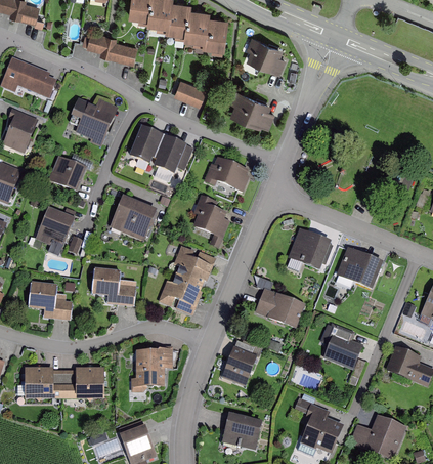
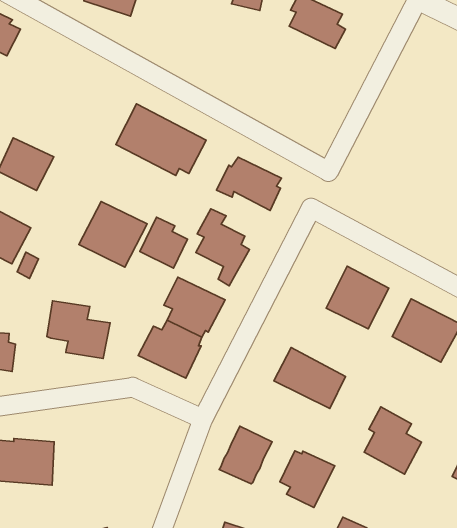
building: [173,79,206,107] -> none
building: [229,90,274,130] -> none
building: [72,97,117,147] -> none
building: none -> [140,217,188,268]
building: [131,346,172,392] -> none
building: none -> [280,451,335,507]

